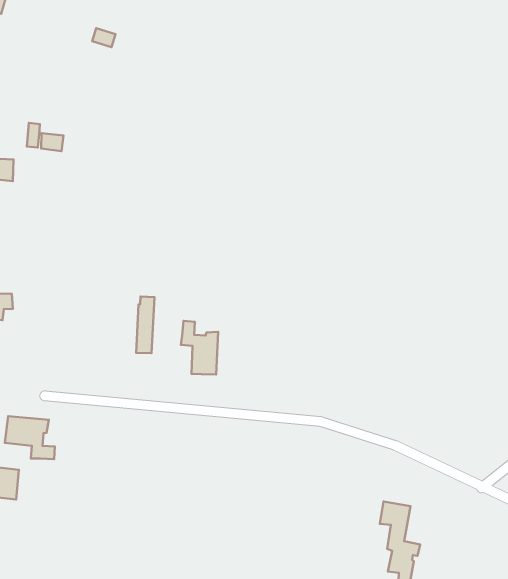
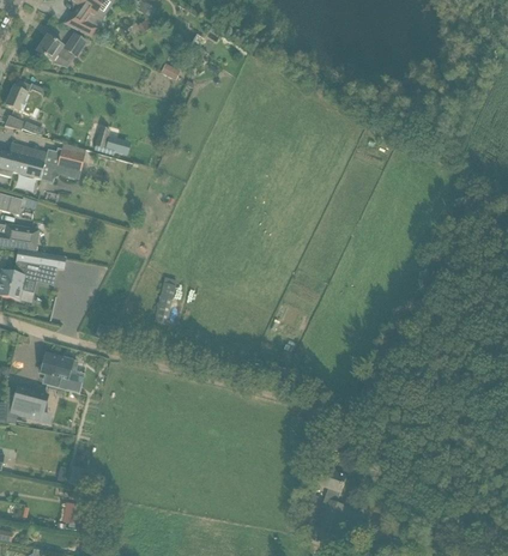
building: [181,321,218,374] -> none

